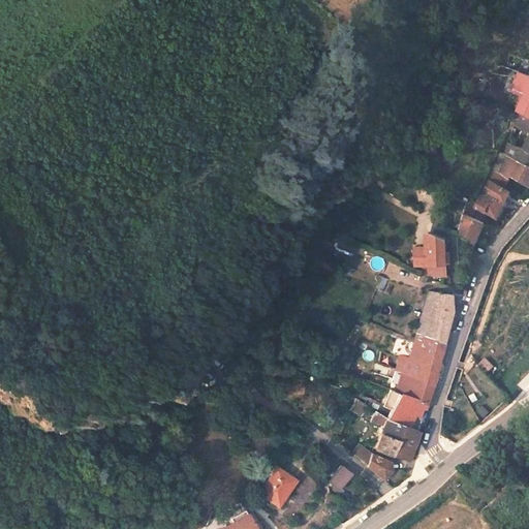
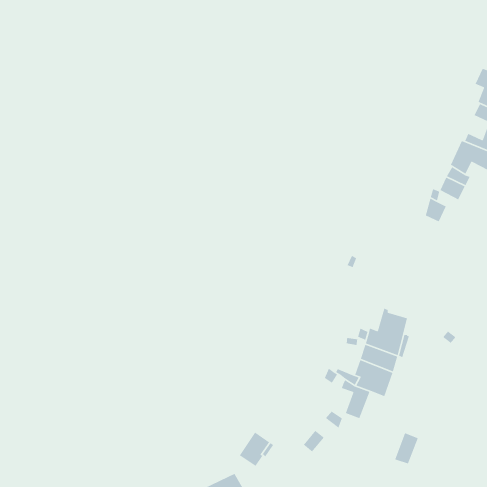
building: [423,235,447,277] -> none
building: [416,291,450,345] -> none
building: [391,425,417,460] -> [394,432,419,464]
building: [367,454,393,480] -> none

